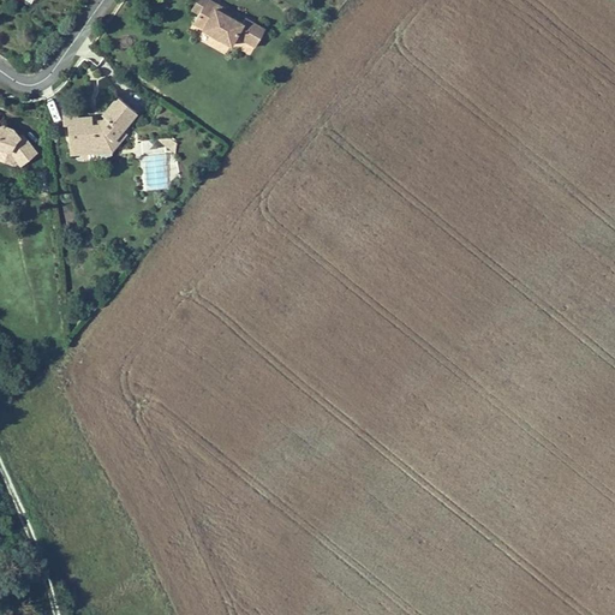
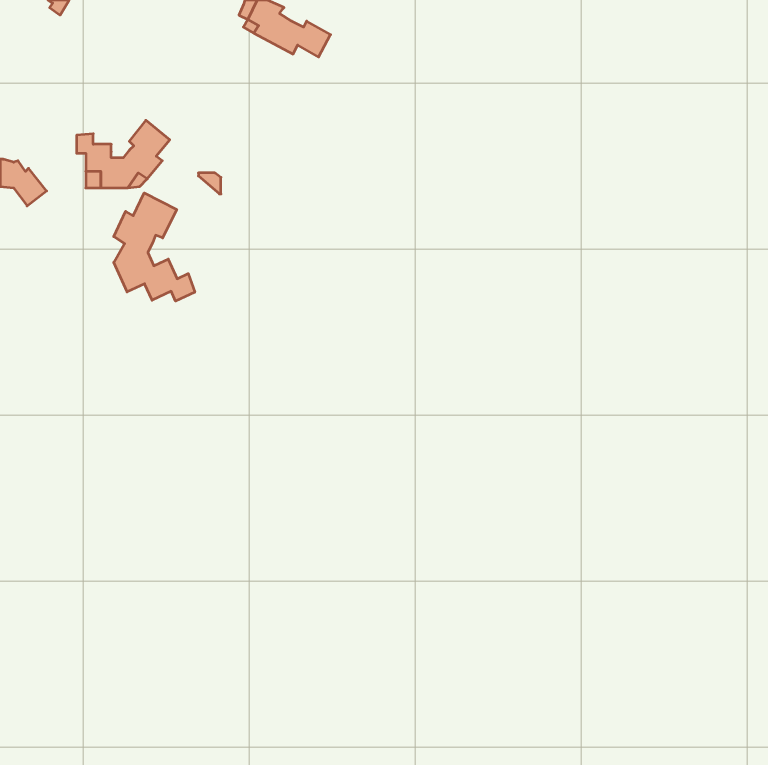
building: none -> [114,193,195,301]

